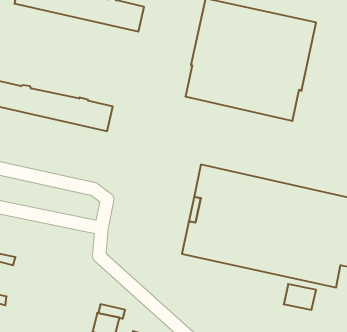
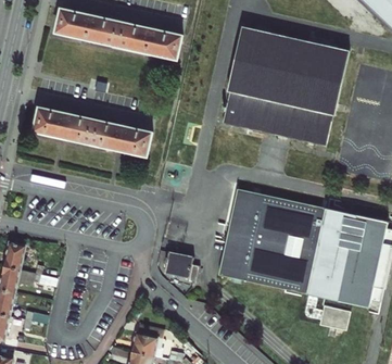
building: none -> [164,252,199,281]

